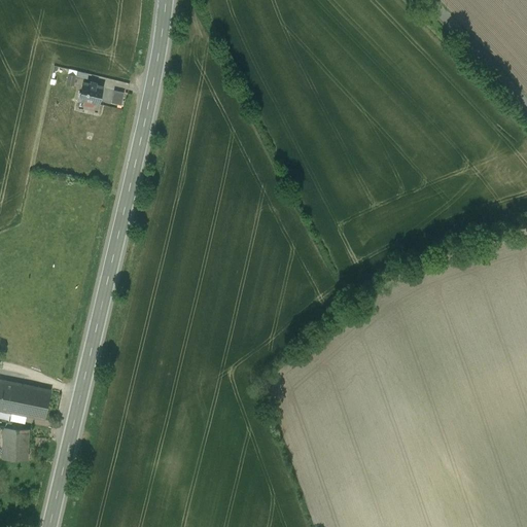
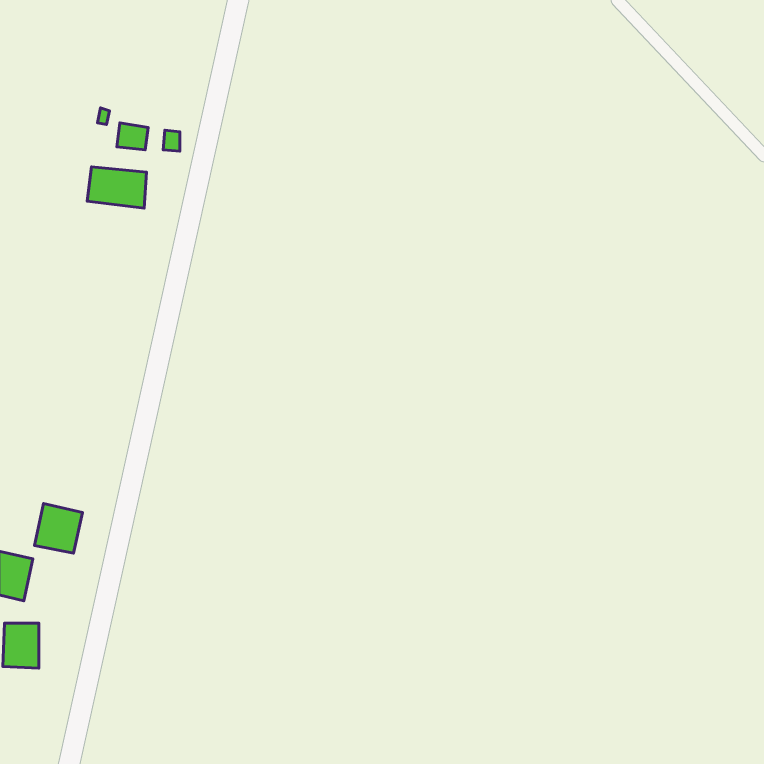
building: none -> [87,167,147,208]
building: [16,385,49,419] -> [35,504,82,553]

